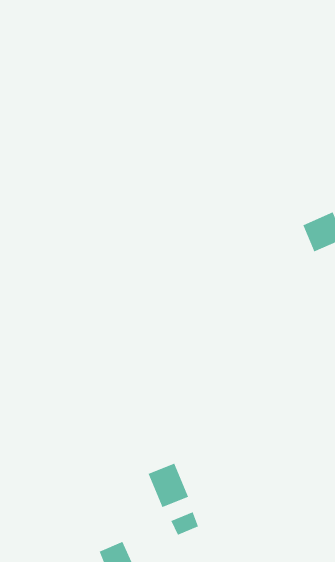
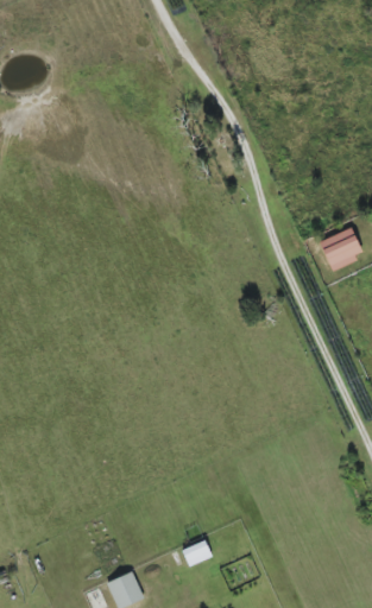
building: [148,463,189,508] -> none

